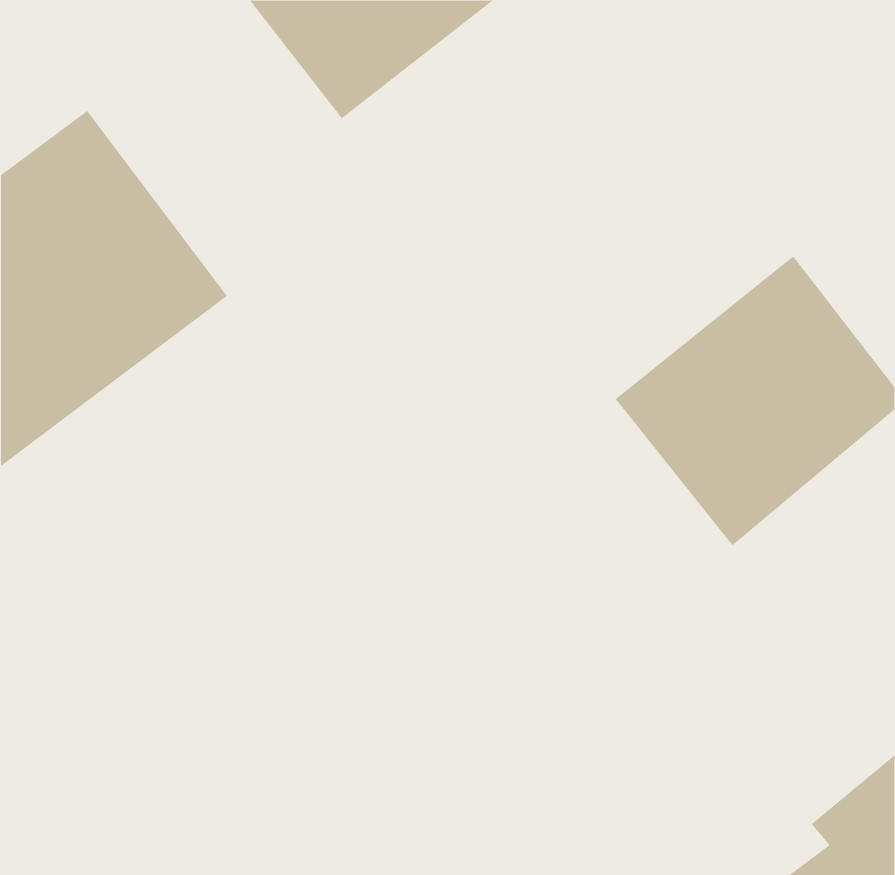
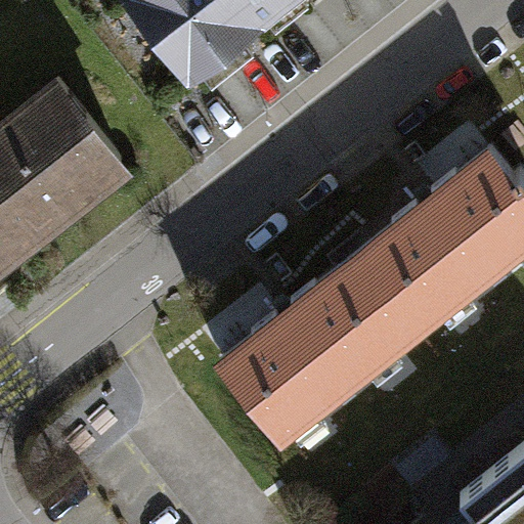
building: none -> [225,245,428,438]

